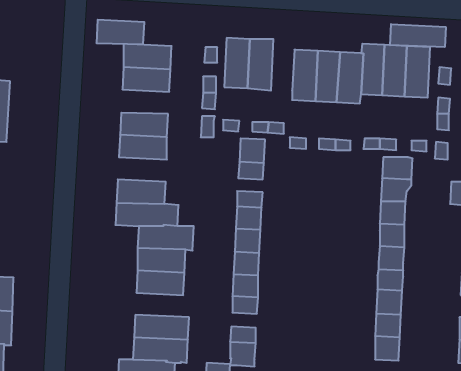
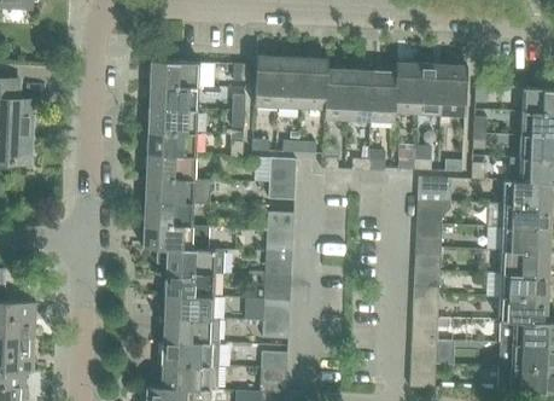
building: [96,20,144,44] -> [147,107,197,133]
building: [390,24,446,47] -> none
building: none -> [302,56,327,109]
building: none -> [144,178,209,204]
building: none -> [162,318,218,343]

